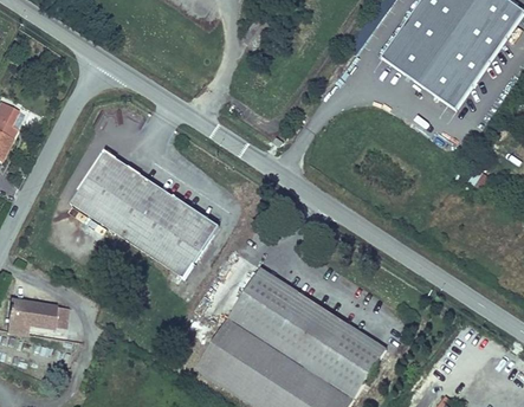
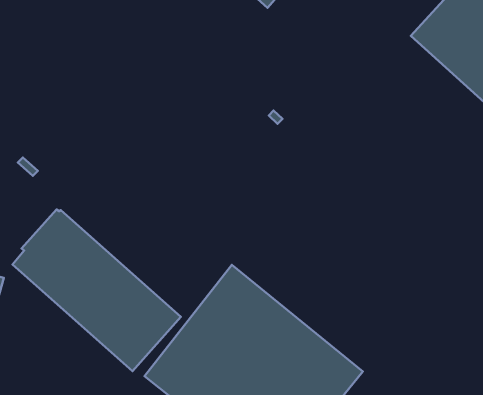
building: [73,150,220,277] -> [12,209,181,371]

